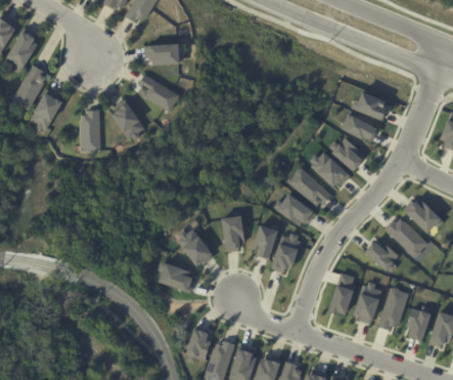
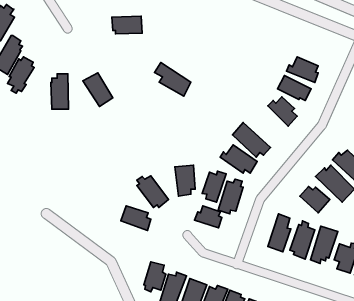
building: [140,77,182,116] -> [155,63,191,96]
building: [309,152,350,187] -> none
building: none -> [195,206,222,228]

